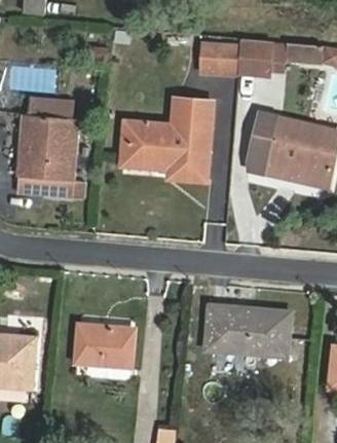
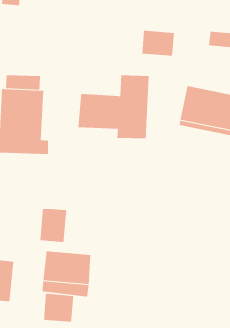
building: [239,41,286,74] -> none
building: none -> [40,208,67,243]
building: [205,301,293,357] -> none
building: none -> [44,293,74,323]

